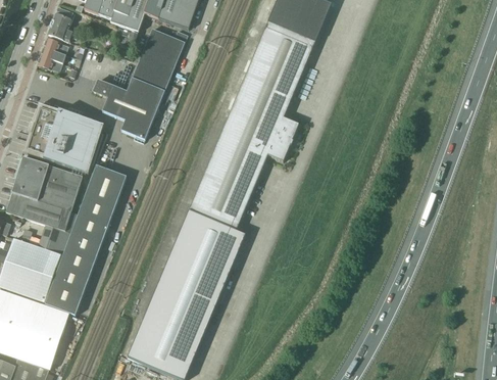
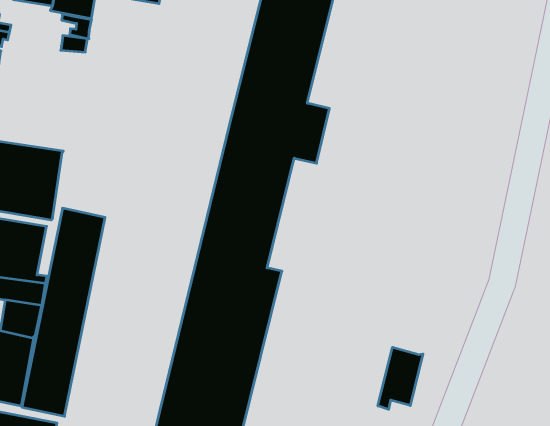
building: [93,28,187,138] -> none
building: none -> [378,347,423,409]

